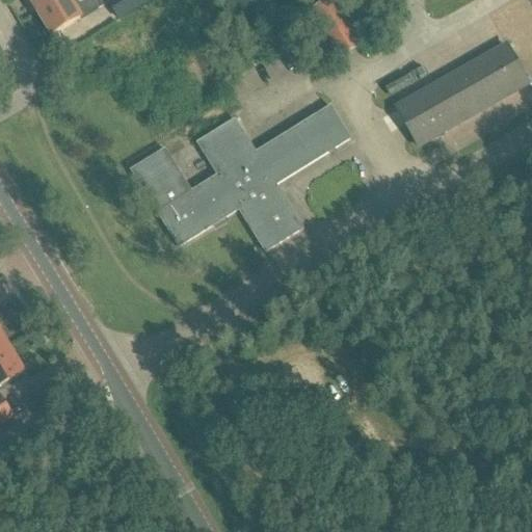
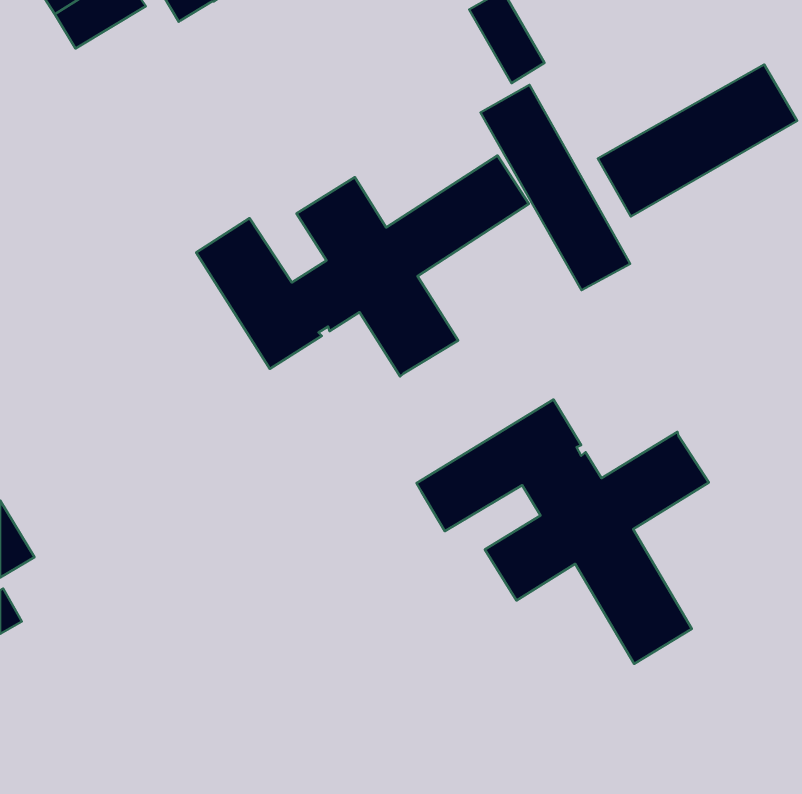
building: none -> [481,85,630,290]
building: none -> [417,399,709,664]

